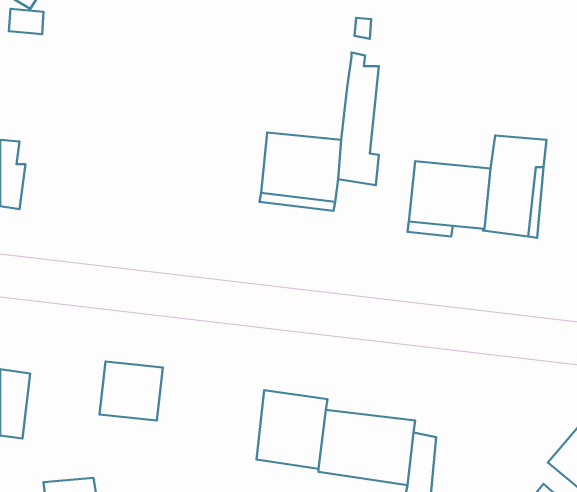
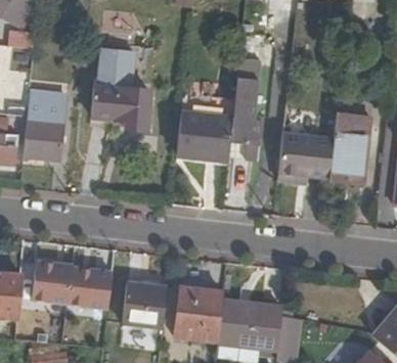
building: none -> [94,47,150,129]
building: none -> [23,94,69,161]
building: none -> [33,261,73,303]
building: none -> [122,281,167,329]

